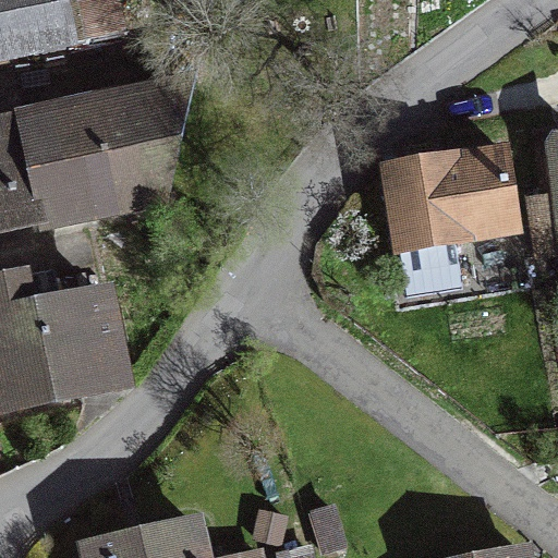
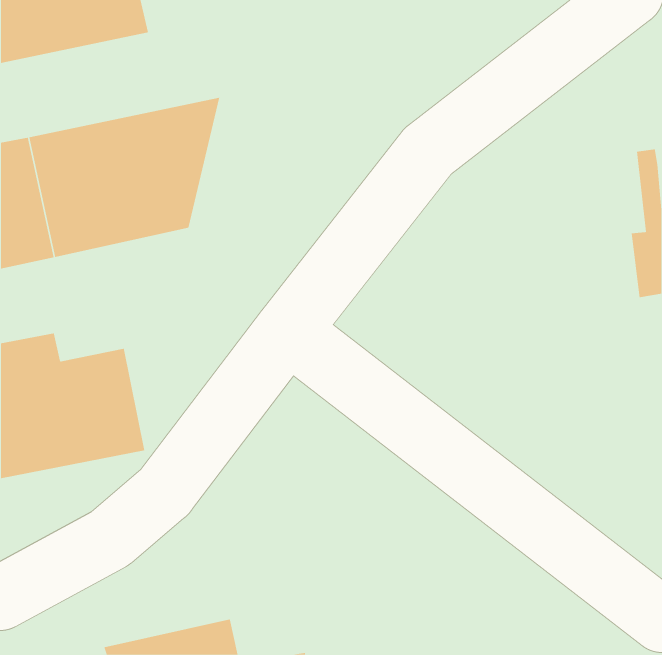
building: [384,146,515,293] -> none

